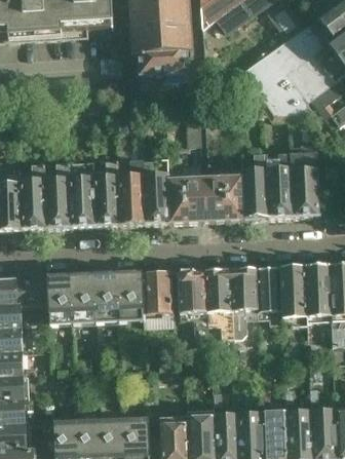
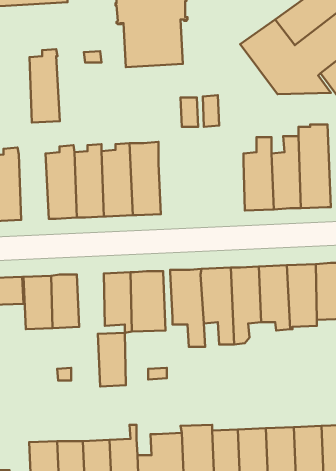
building: [44,161,71,226] -> [29,49,60,122]
building: [167,175,243,221] -> none
building: [95,273,120,320] -> [98,333,126,386]

